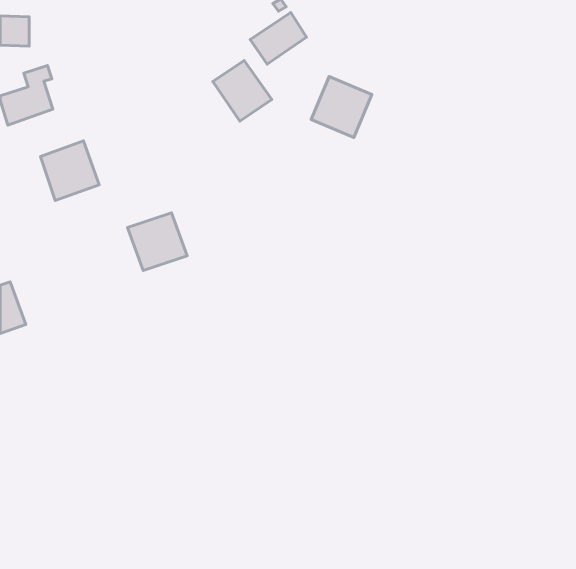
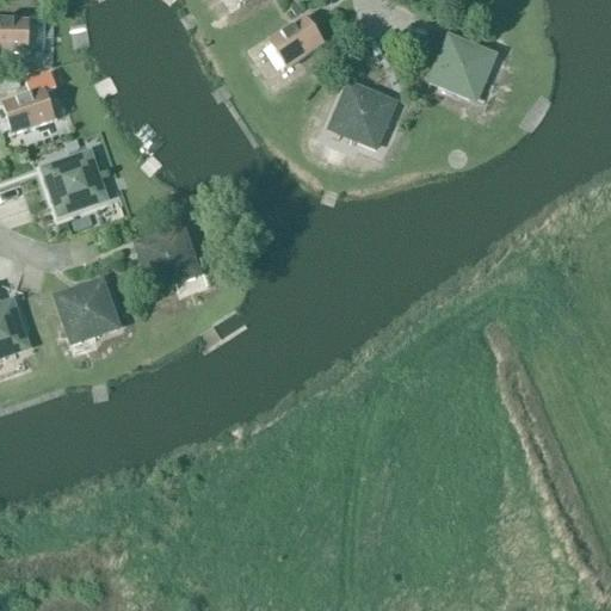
building: none -> [430,33,493,98]
building: [213,60,272,121] -> none
building: none -> [55,278,117,340]

